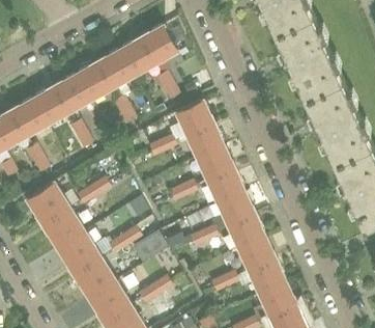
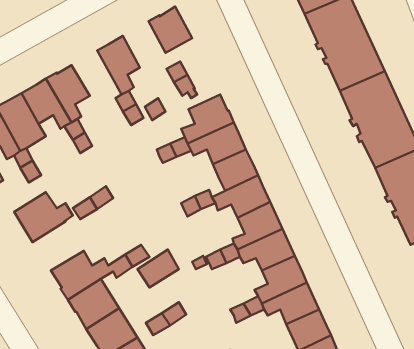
building: [118,36,154,76] -> none
building: [75,61,111,100] -> none
building: [41,207,85,248] -> none

